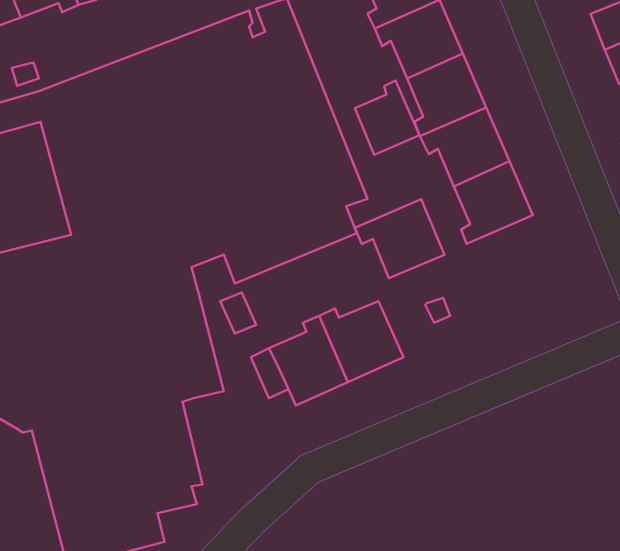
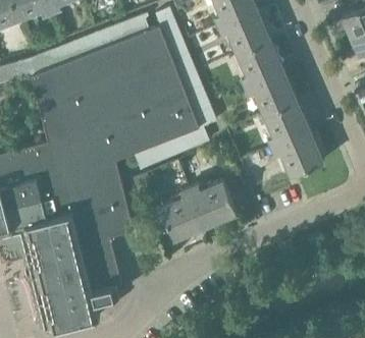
building: [355,80,419,155] -> none
building: [355,199,445,278] -> [271,131,322,176]

